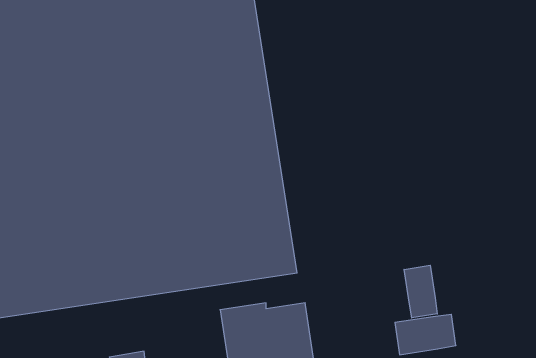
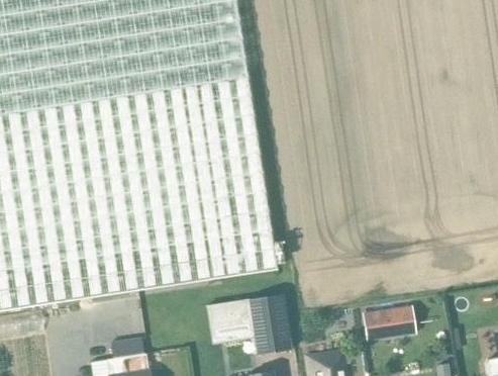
building: [404,265,437,318] -> none

